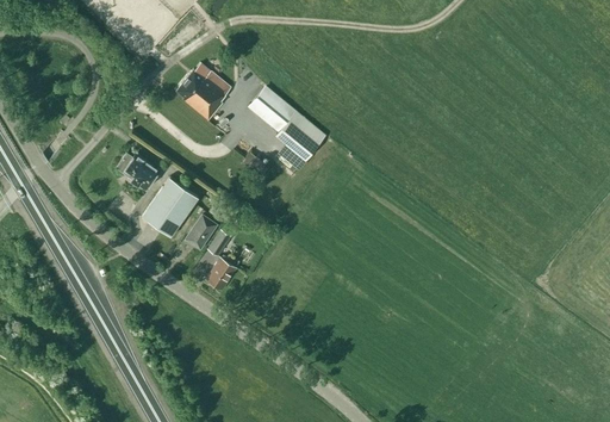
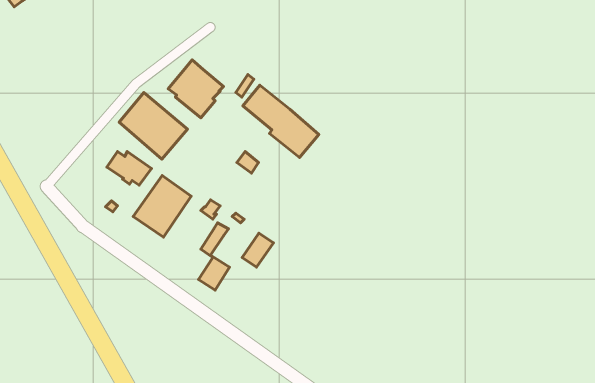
building: none -> [119,93,188,159]
building: [185,215,216,248] -> [242,233,273,267]

